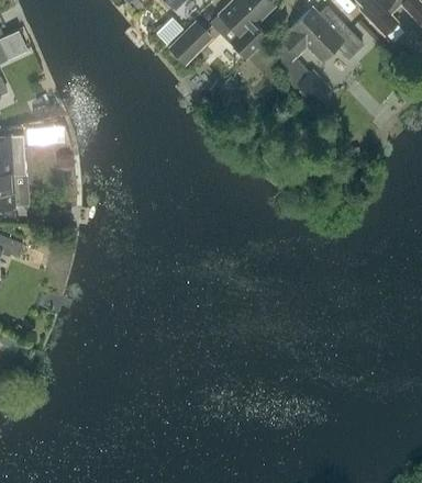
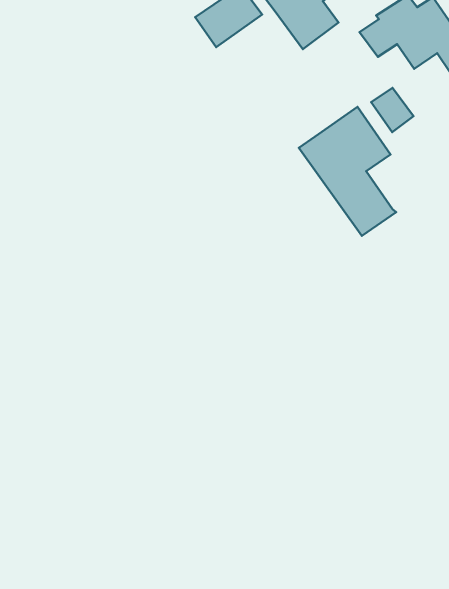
building: none -> [299,107,396,236]

